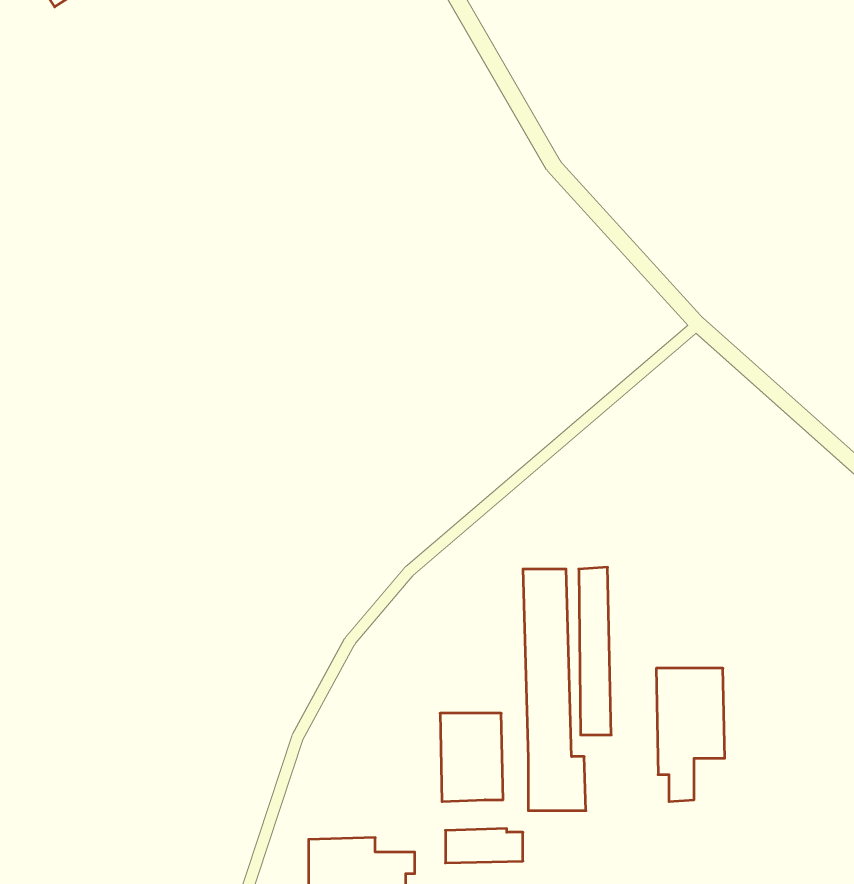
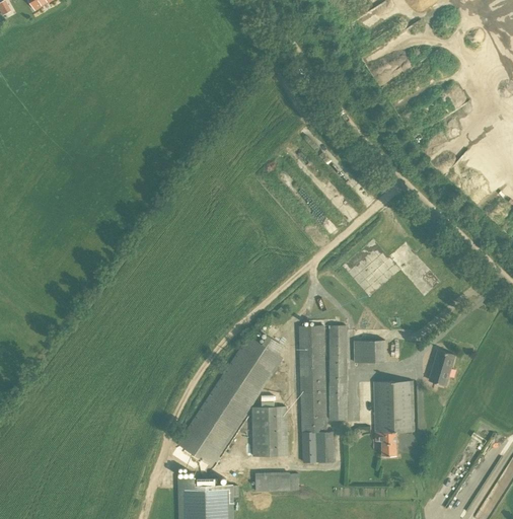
building: none -> [176,336,284,467]
building: none -> [353,341,384,363]
building: none -> [429,350,454,386]

